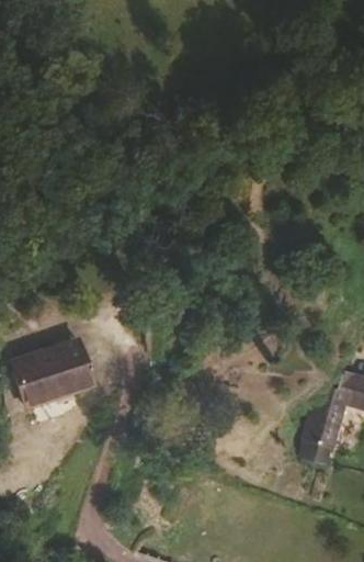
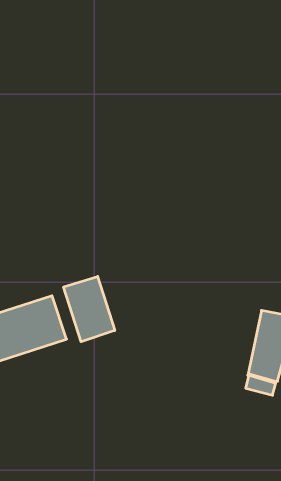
building: none -> [64,276,115,342]

